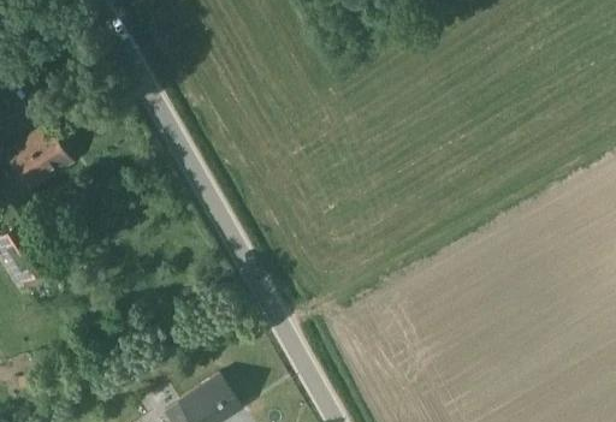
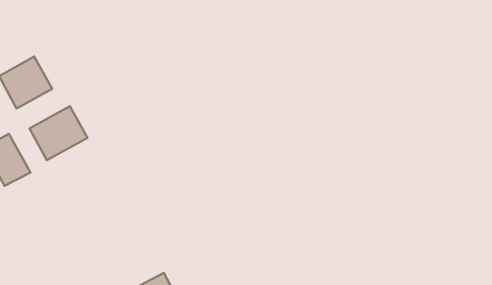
building: none -> [29,106,87,160]

